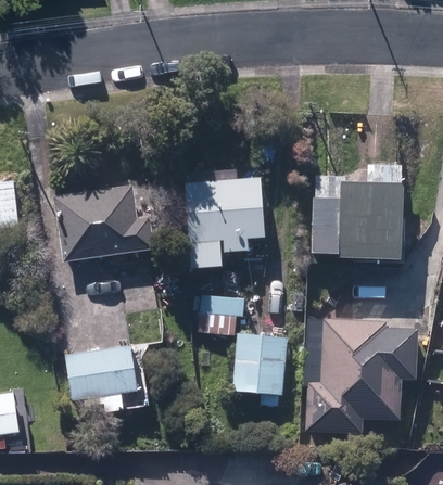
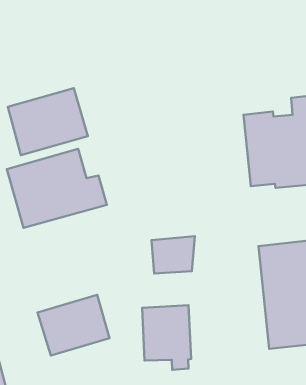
building: none -> [8,88,88,155]
building: [186,177,266,269] -> none
building: [233,333,289,405] -> [142,305,191,370]

